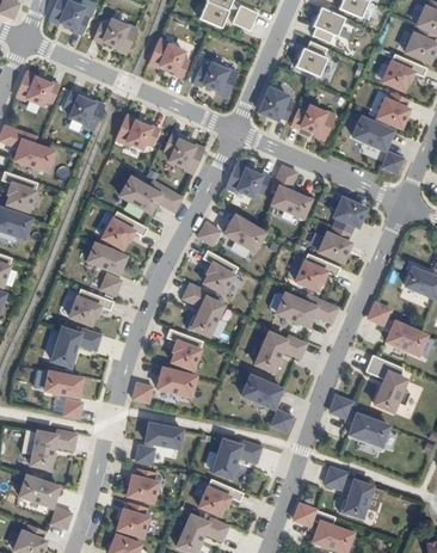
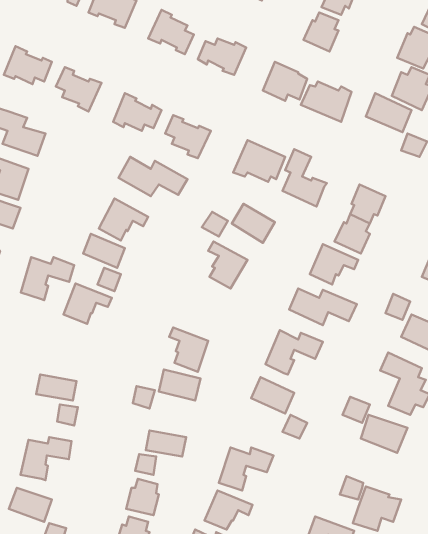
building: [183,284,223,336] -> none
building: [53,328,101,368] -> [21,257,74,300]

